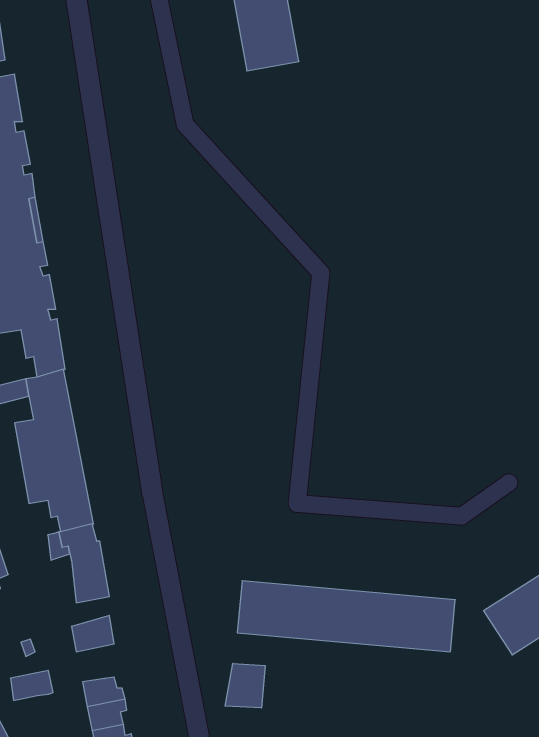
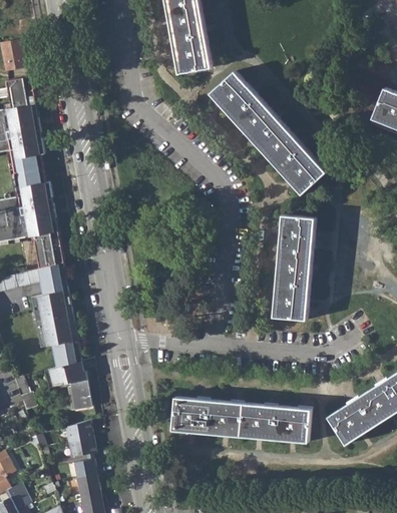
building: none -> [209,70,325,194]
building: none -> [272,215,314,321]
building: [225,663,265,708] -> none
building: [10,670,53,700] -> [69,437,96,456]

